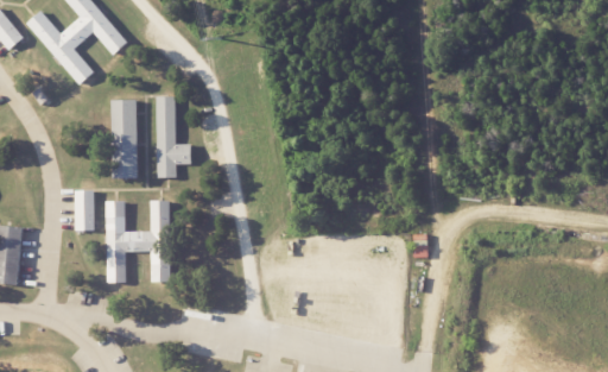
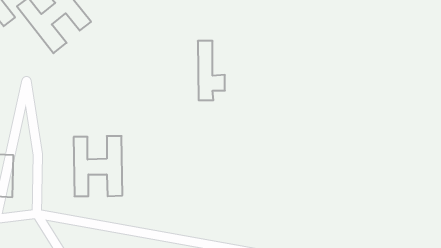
building: [156,96,192,177] -> [198,41,225,100]
building: [114,99,139,177] -> none
building: [74,189,94,231] -> none

